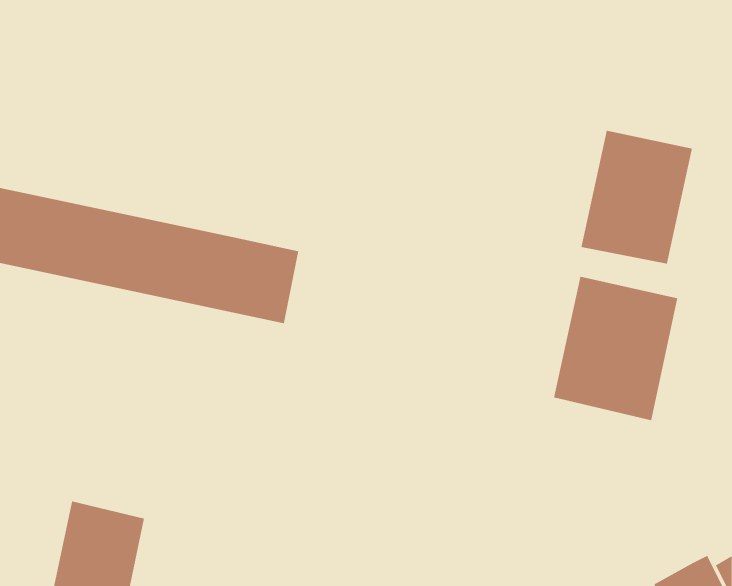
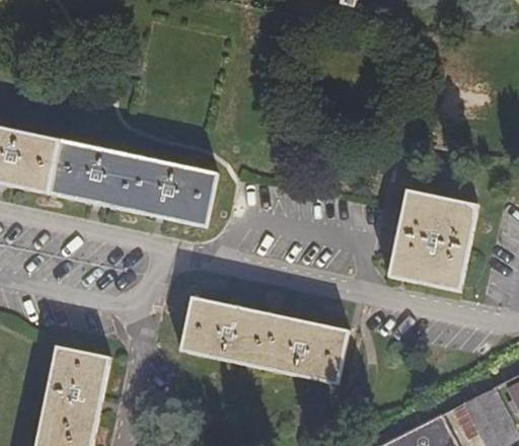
building: [580,130,693,264] -> none
building: none -> [179,299,348,384]

